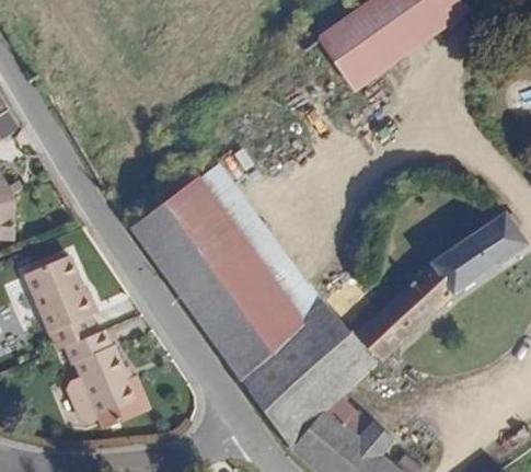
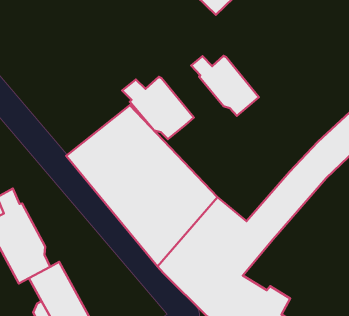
building: none -> [191,56,259,116]
building: none -> [122,77,194,139]

